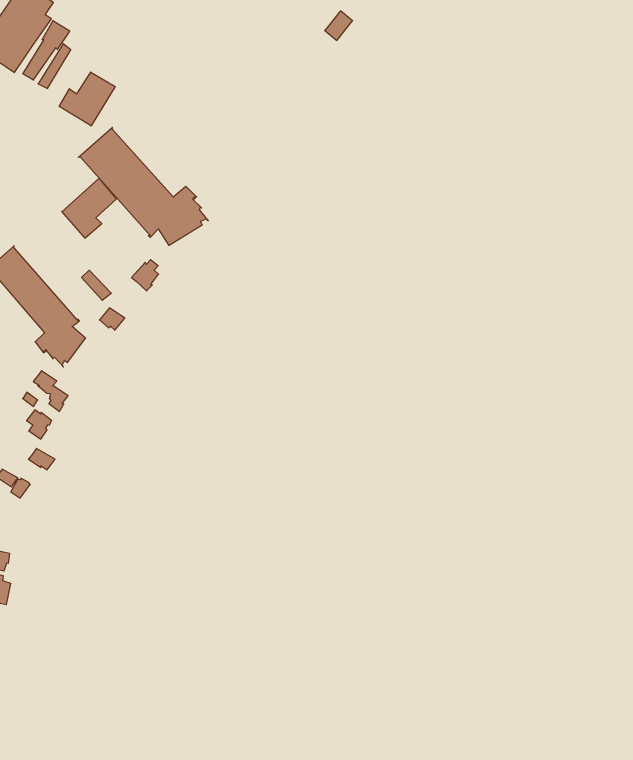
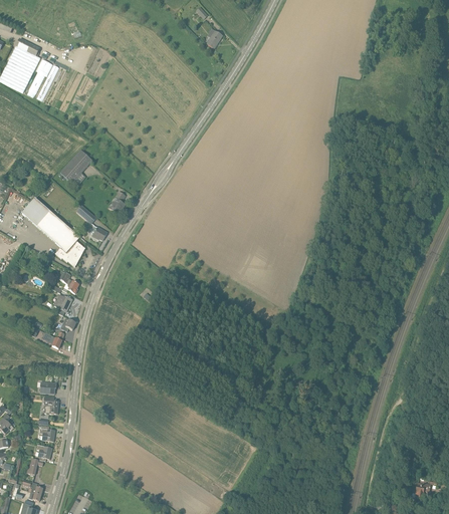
building: [59,72,115,126] -> none
building: [78,127,208,245] -> none

